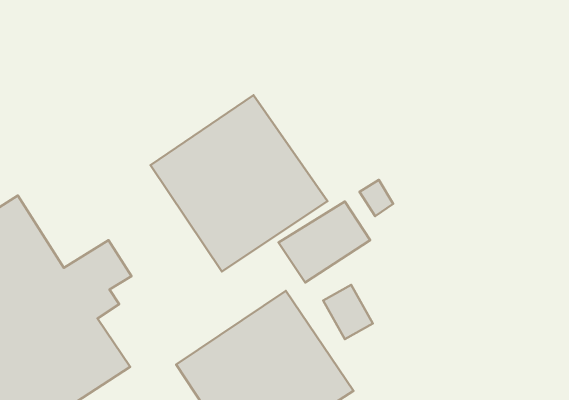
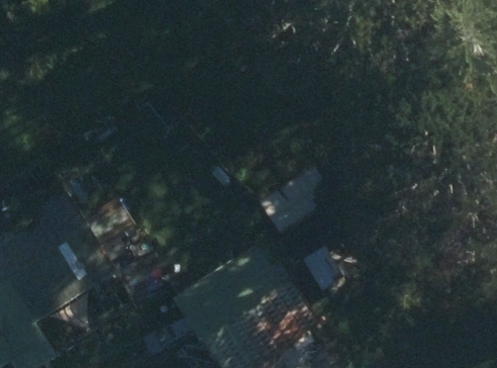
building: [150,95,327,272] -> none

